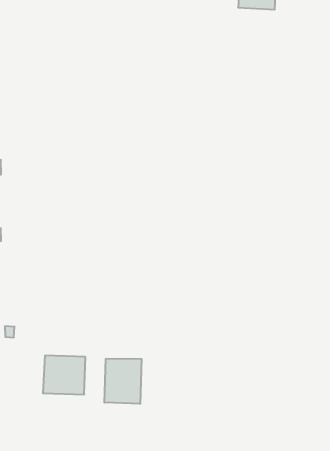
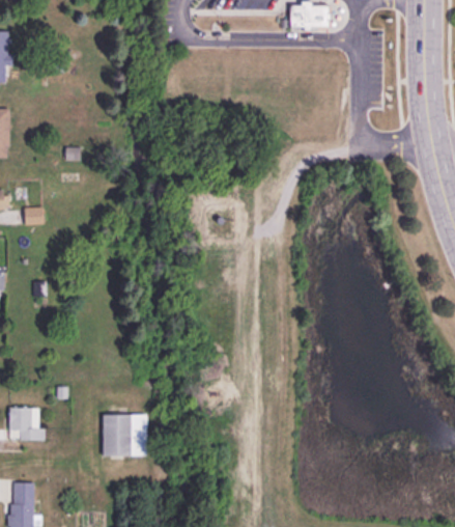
building: [104,359,142,404] -> none

